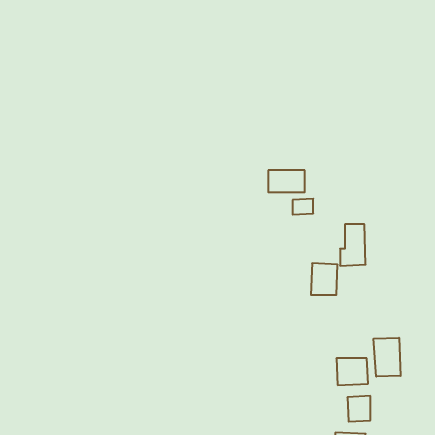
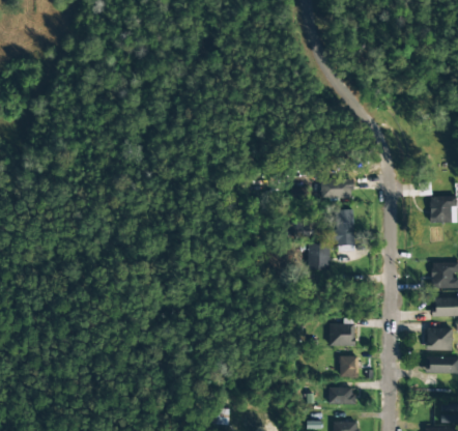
building: [268,170,305,192] -> [322,180,353,199]
building: [374,338,401,377] -> none

